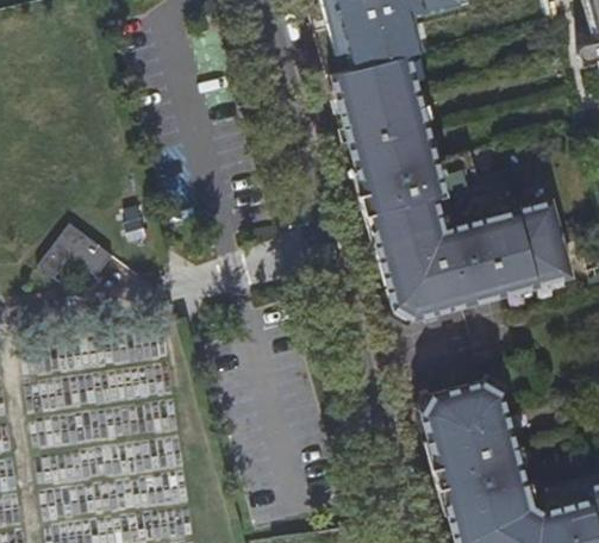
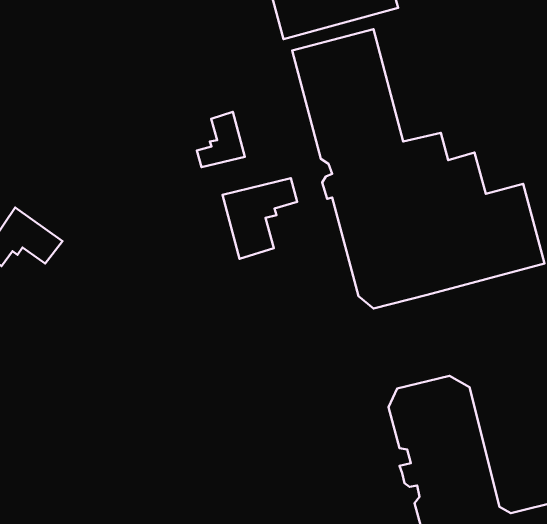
building: none -> [197,112,245,167]
building: none -> [223,178,297,259]

